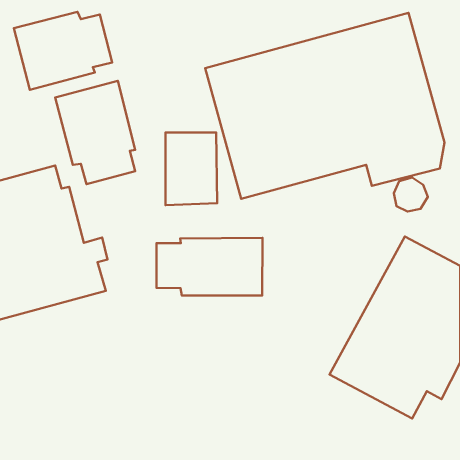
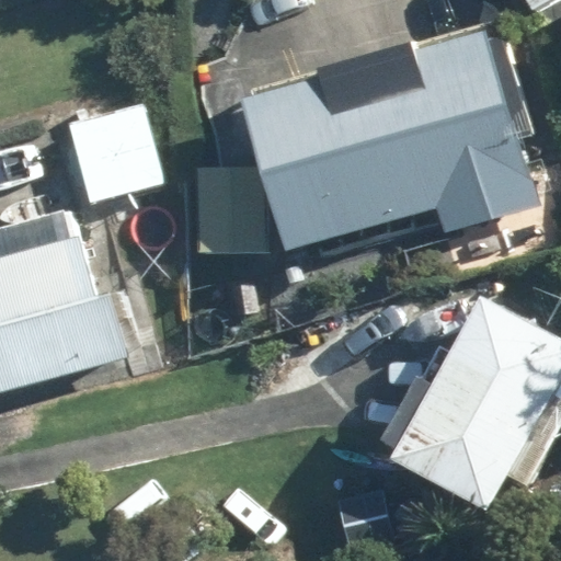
building: [14,12,112,90] -> none
building: [156,238,262,295] -> none

